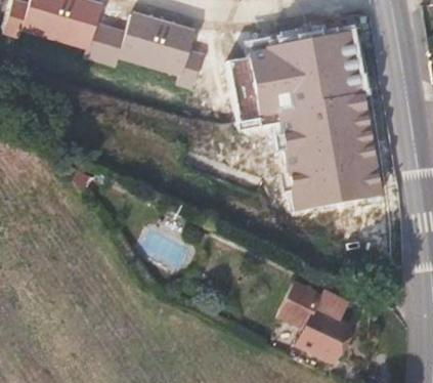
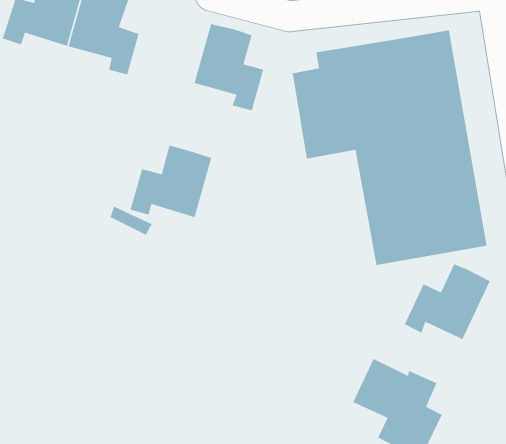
building: [102,10,167,68] -> [130,144,212,218]
building: none -> [404,263,491,340]

